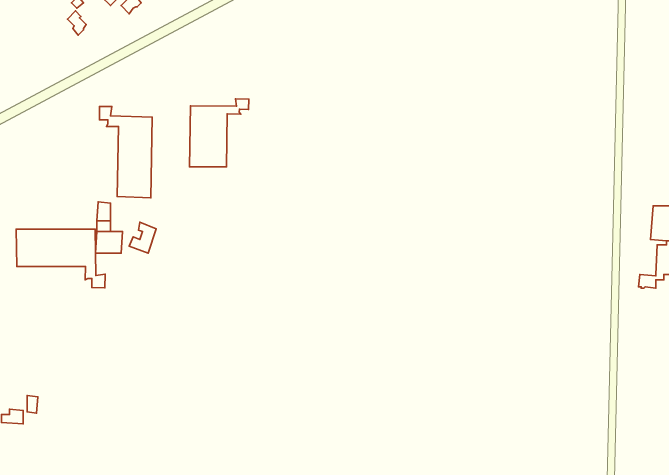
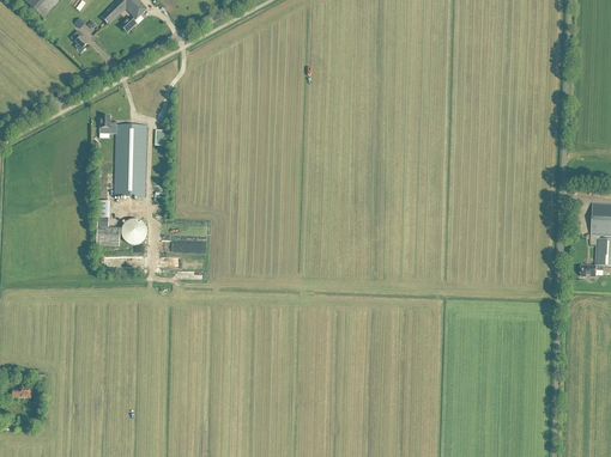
building: [189,99,249,167] -> none
building: [16,229,105,288] -> none

